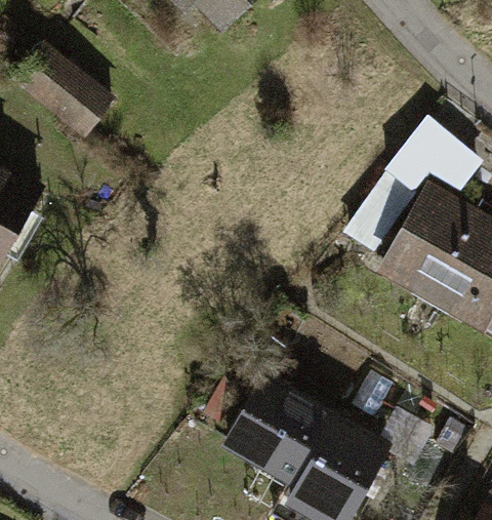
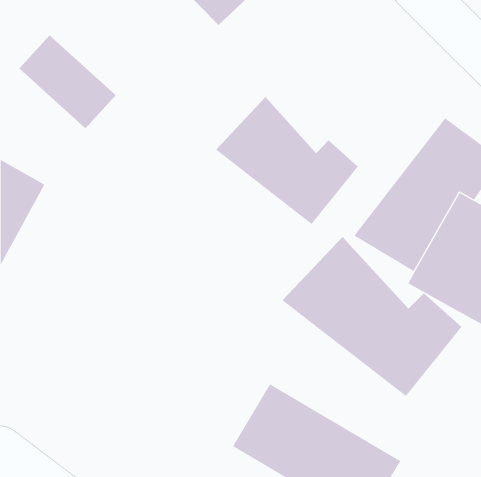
building: none -> [215,96,358,225]
building: none -> [282,236,462,397]

